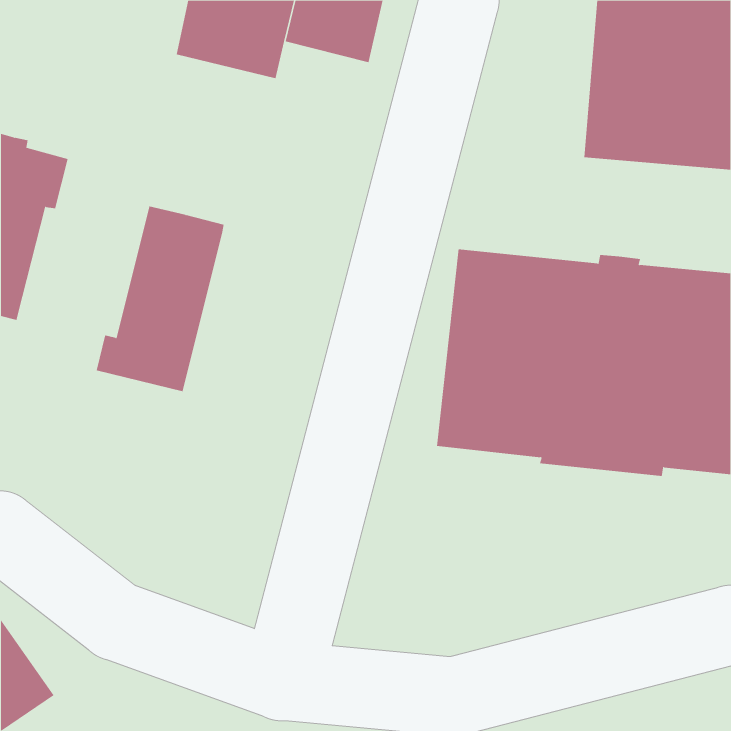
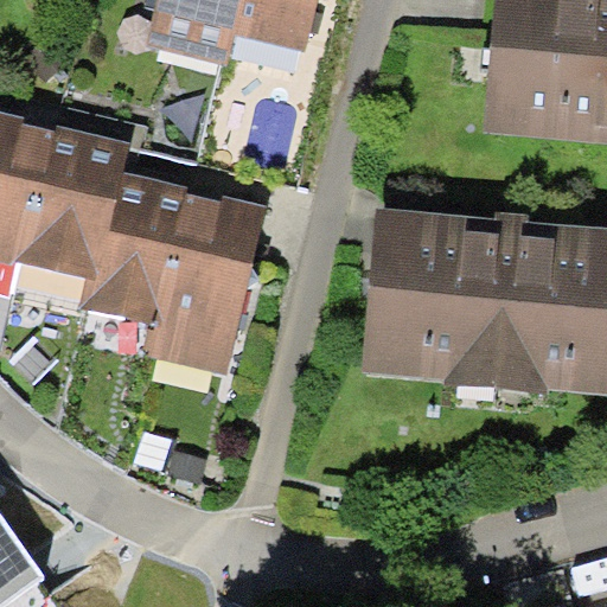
building: none -> [15,126,130,280]
building: none -> [145,192,267,375]

